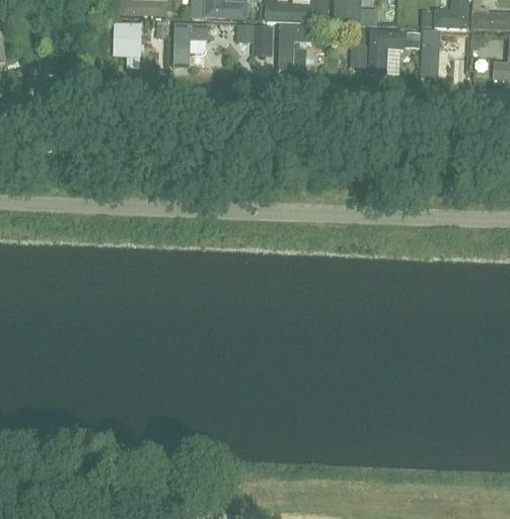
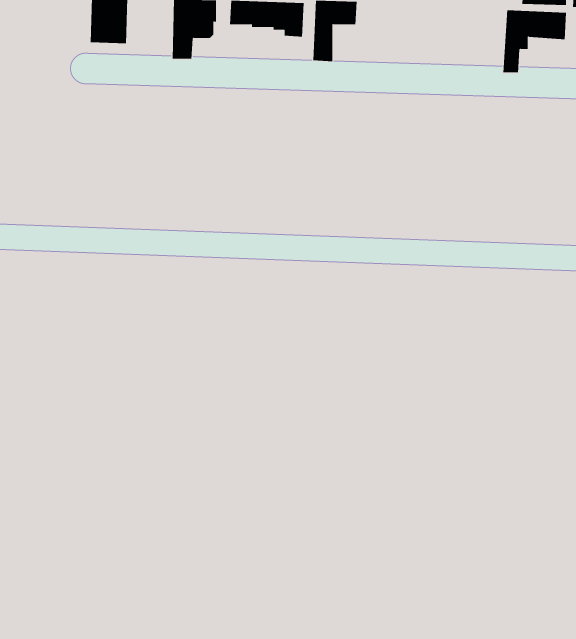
building: [368,28,404,74] -> none

